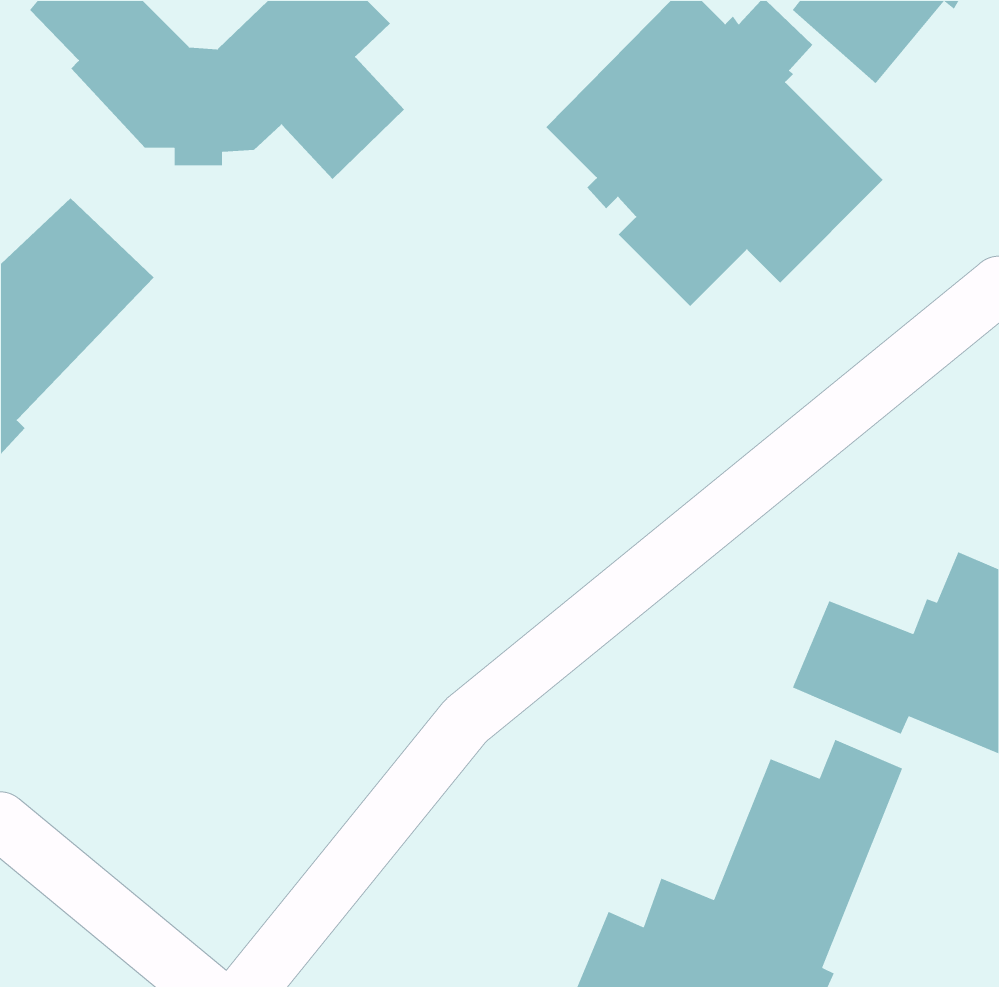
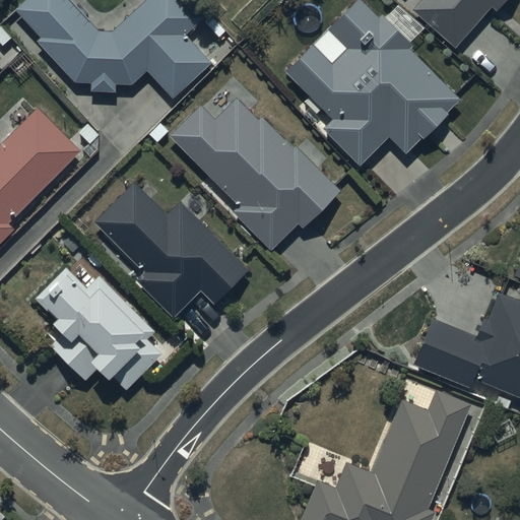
building: none -> [170,99,339,251]
building: none -> [94,183,249,319]
building: none -> [40,268,162,390]

